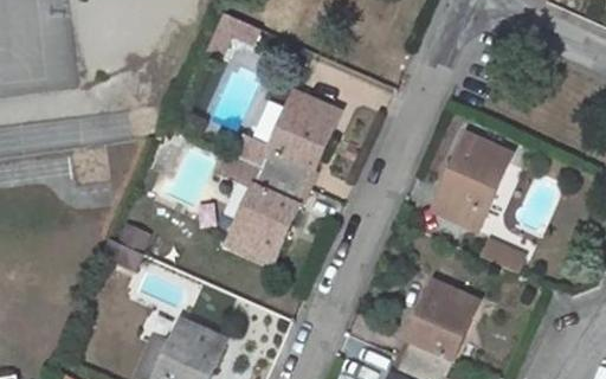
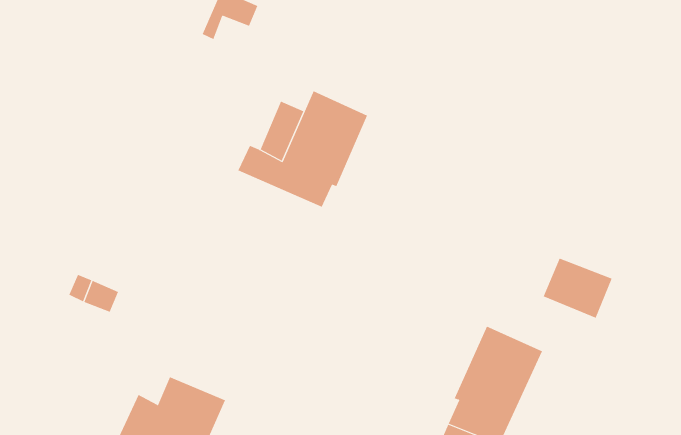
building: [433,136,509,230] -> none
building: [219,154,301,264] -> none

